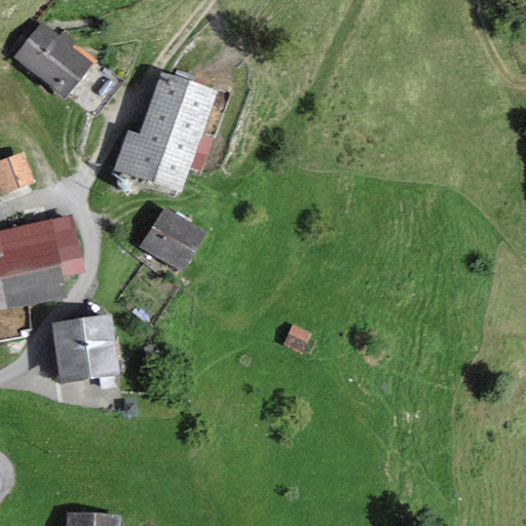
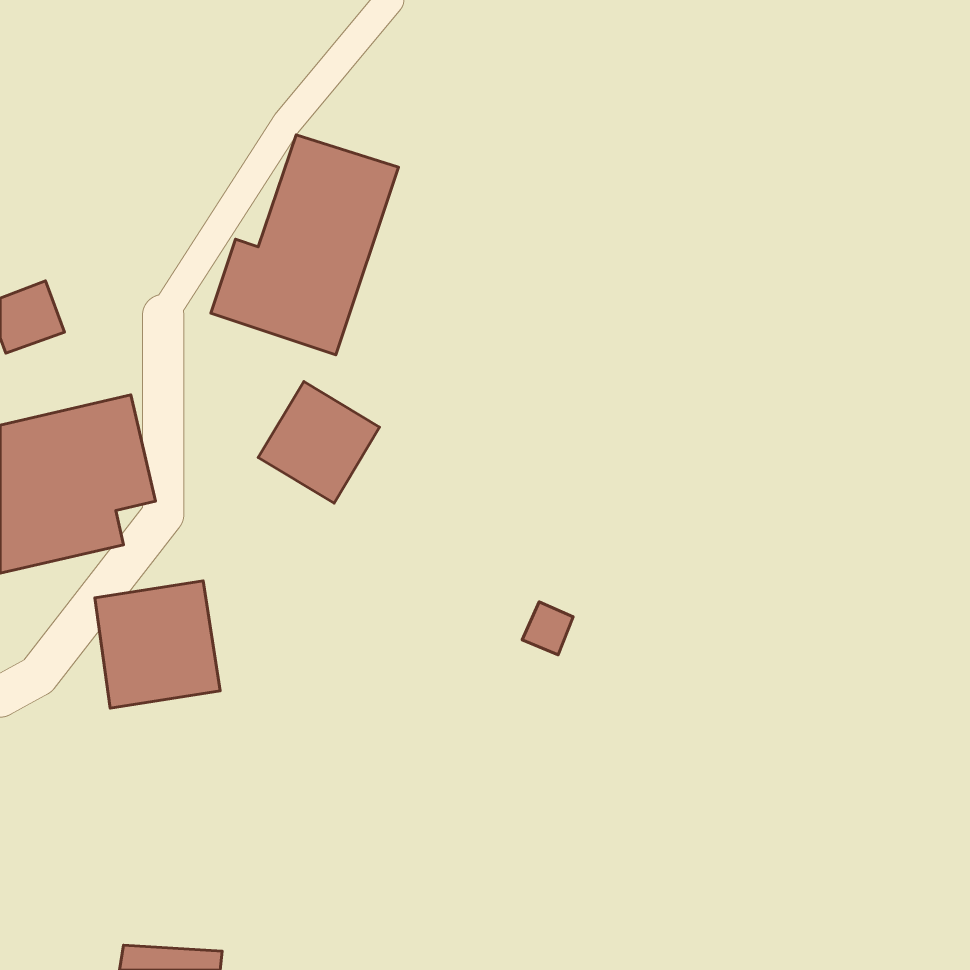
building: [8,21,96,99] -> none

